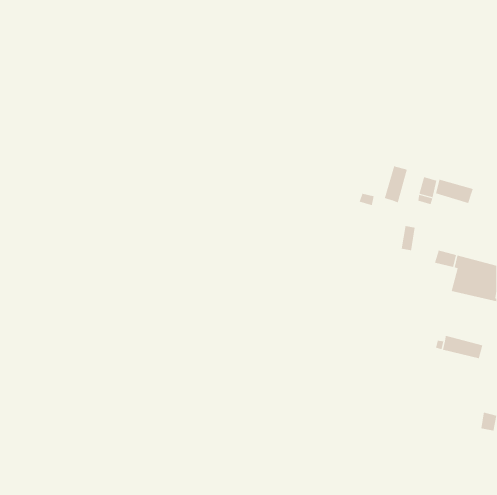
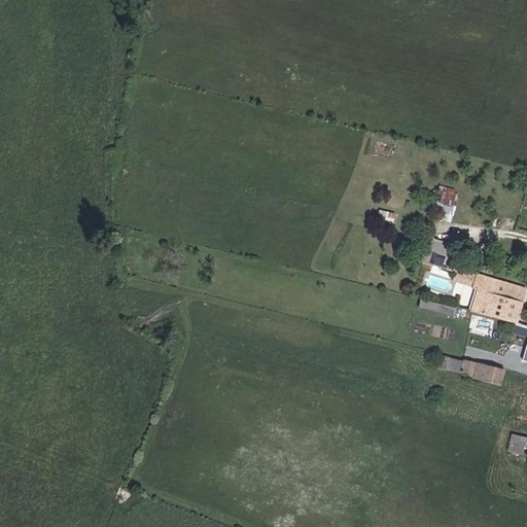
building: [384,166,408,203] -> none
building: [436,179,474,204] -> none

